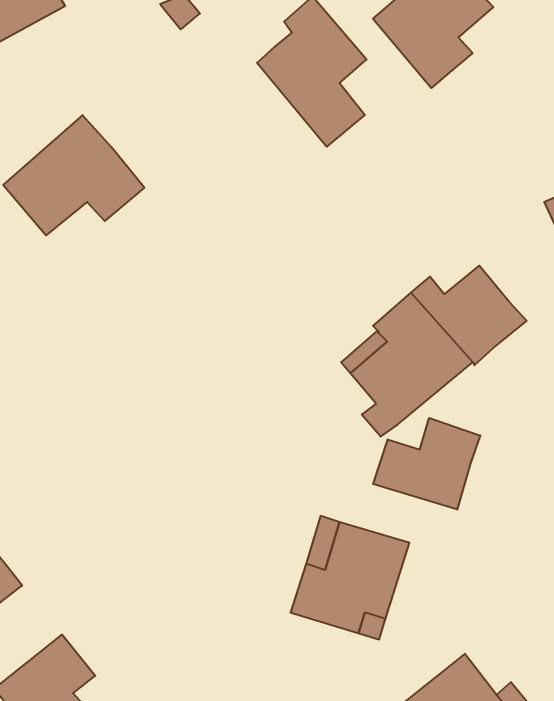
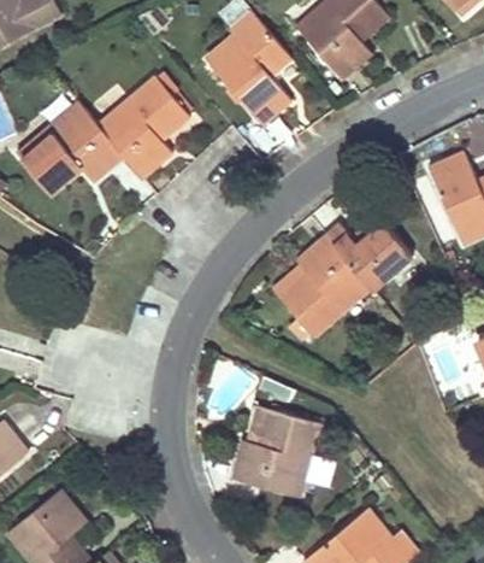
building: none -> [98,70,189,176]
building: [373,418,480,510] -> none

